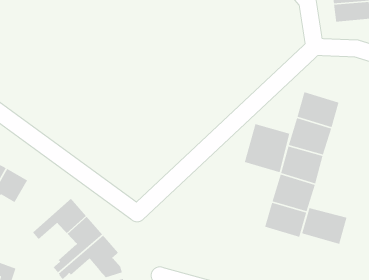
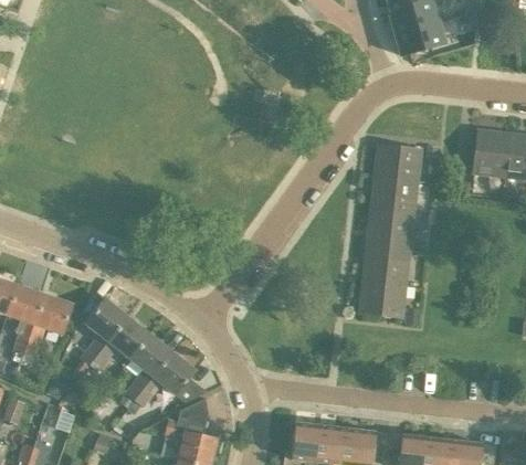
building: [244,123,290,173] -> none
building: none -> [78,298,126,364]
building: [301,207,348,245] -> none

